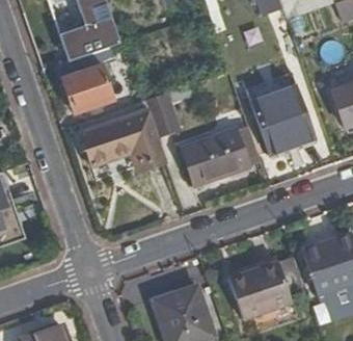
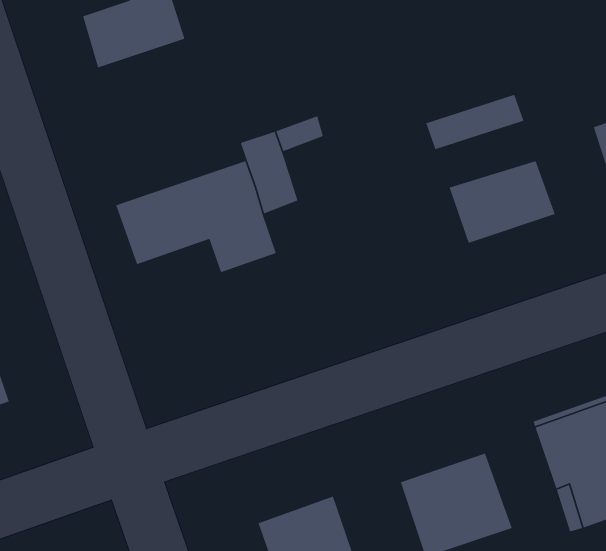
building: [56,51,111,110] -> none
building: [250,87,304,123] -> none
building: [183,129,248,181] -> none

